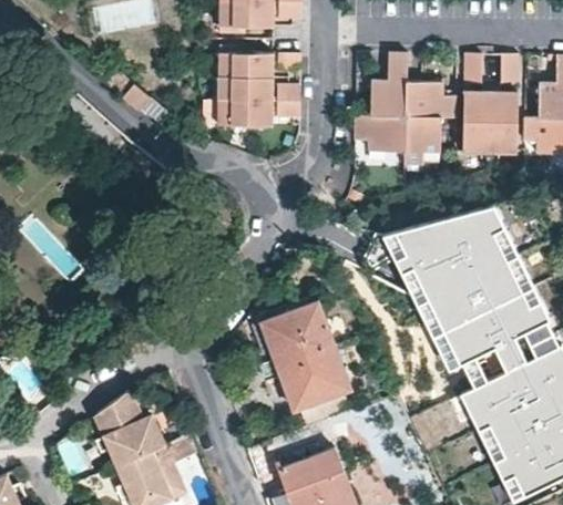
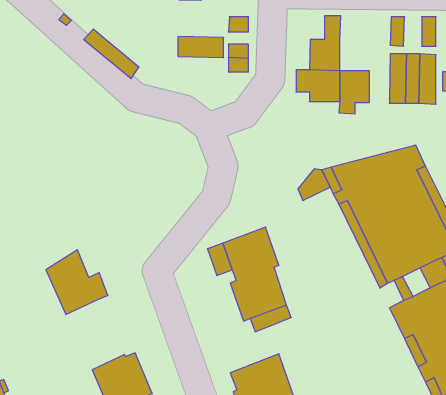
building: [217,47,272,80] -> none
building: [406,83,455,118] -> none
building: [216,102,270,126] -> none
building: [94,391,166,466] -> [46,250,108,314]

